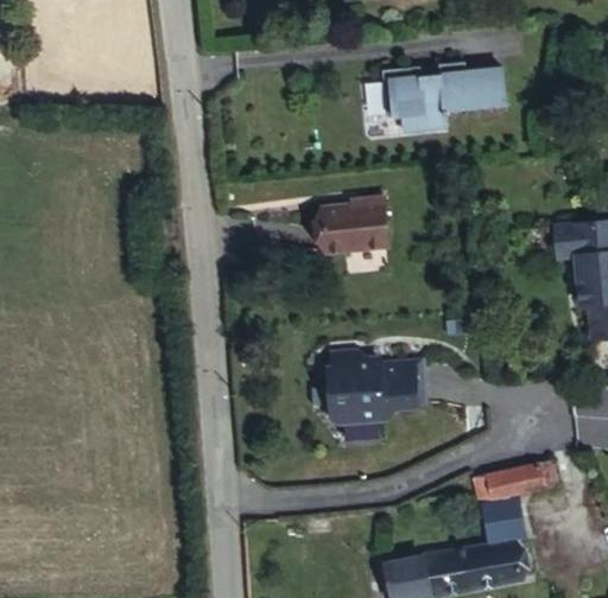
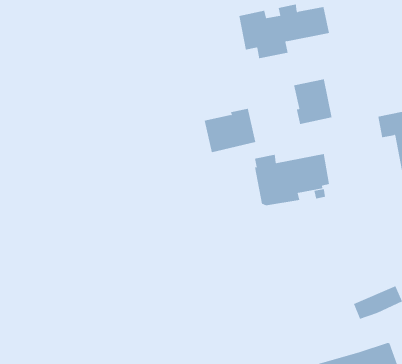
building: none -> [293,78,332,125]
building: [324,351,424,420] -> [254,154,330,206]
building: [480,479,532,546] -> none

